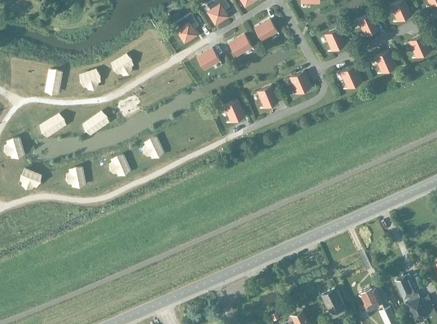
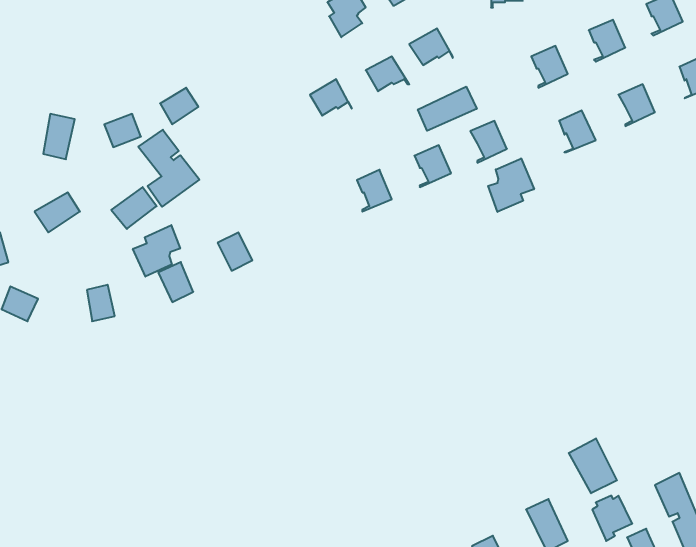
building: [176,13,199,42] -> none
building: none -> [418,87,477,131]
building: none -> [138,130,199,207]
building: none -> [488,158,534,212]
building: none -> [133,225,180,277]
building: none -> [569,438,617,493]

